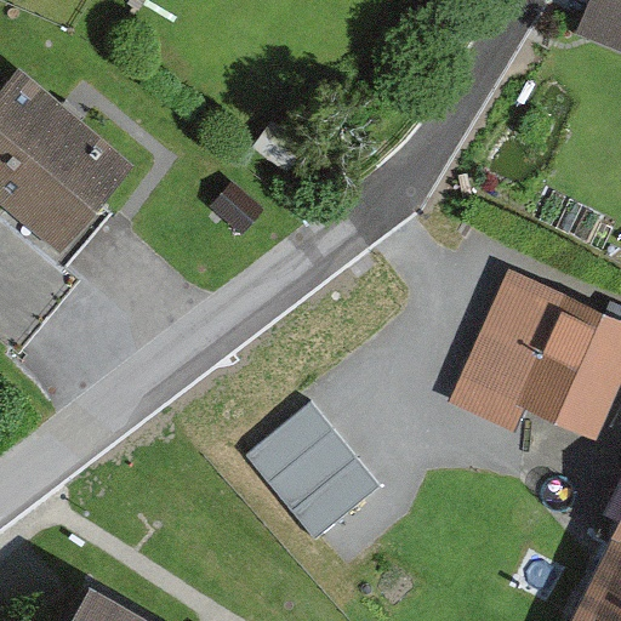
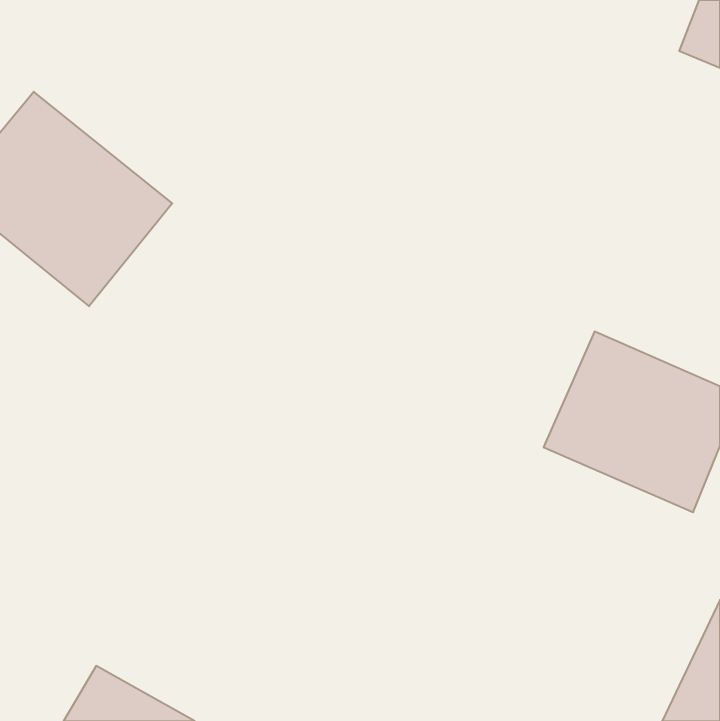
building: [251,404,375,539] -> none

